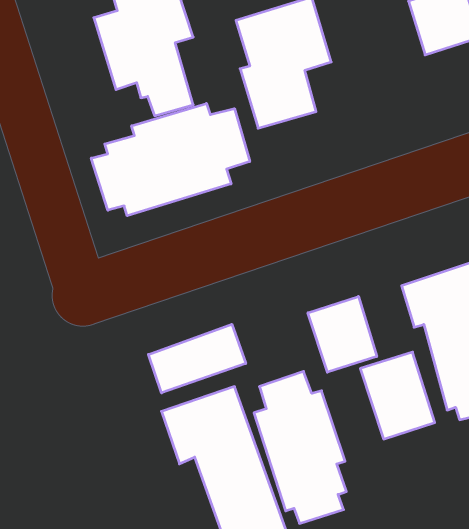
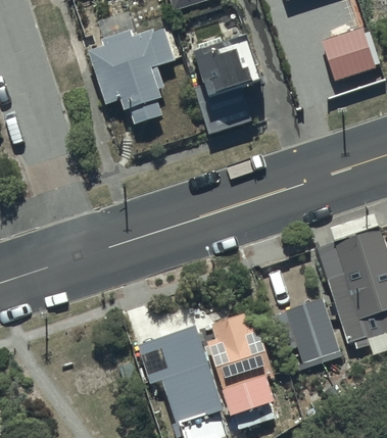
building: [91,103,250,216] -> none
building: [308,296,377,372] -> none
building: [148,324,246,393] -> none

